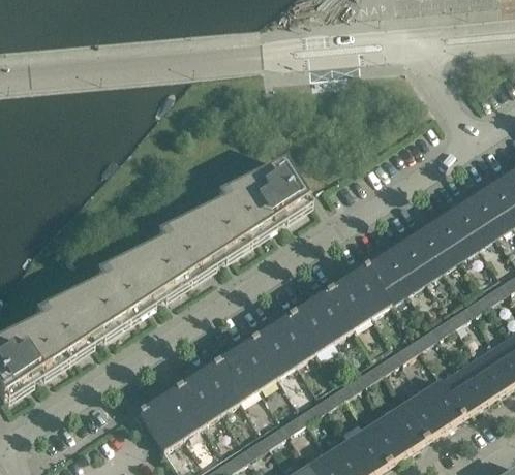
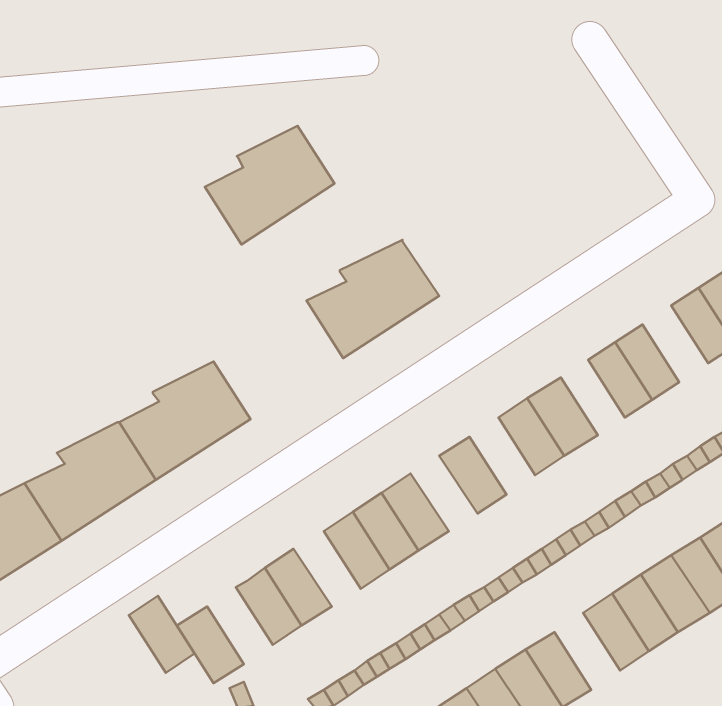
building: [163,202,247,279] -> [205,126,334,244]
building: [441,205,483,255] -> none
building: [388,241,429,289] -> none
building: [329,278,371,327] -> none
building: [291,303,334,351] -> none
building: [215,351,259,400] -> none
building: [159,387,202,437] -> [129,596,195,673]
building: [384,404,426,453] -> none

